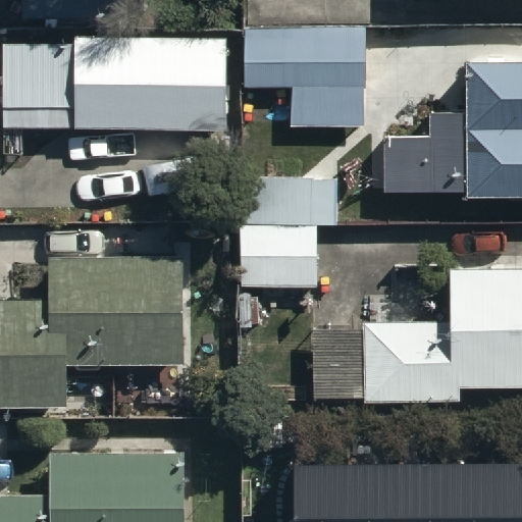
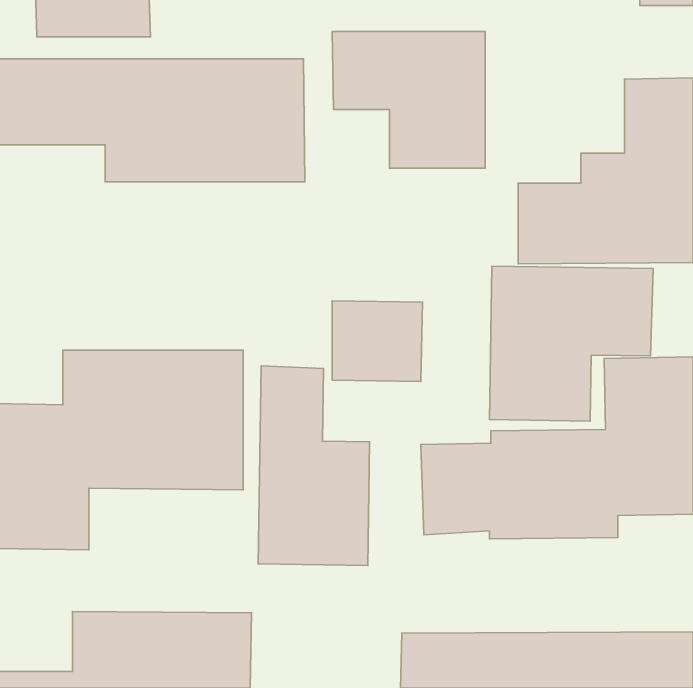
building: none -> [490,266,653,421]
building: none -> [258,366,370,566]

